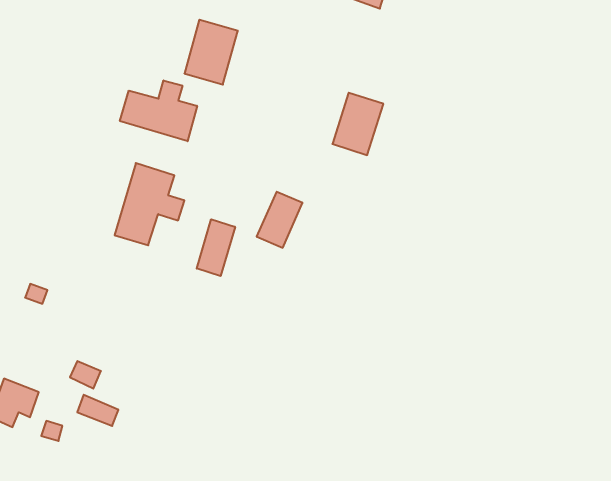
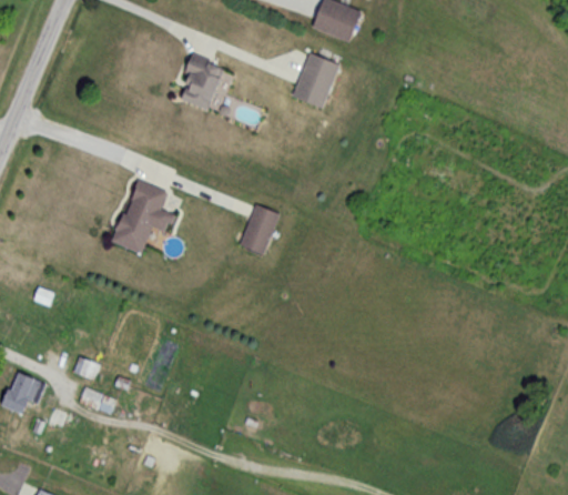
building: [120,80,197,141] -> none
building: [332,93,383,155] -> [293,53,338,109]
building: [197,219,235,276] -> none

